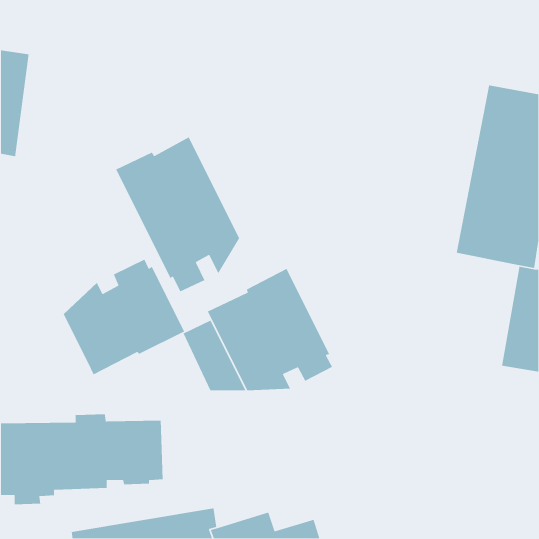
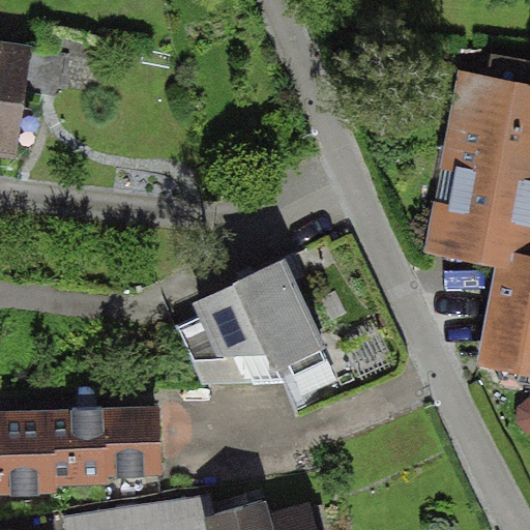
building: [115,136,240,293] -> none
building: [63,259,185,376] -> none

